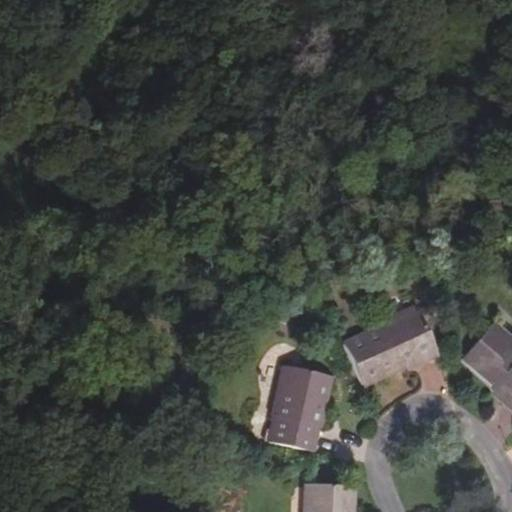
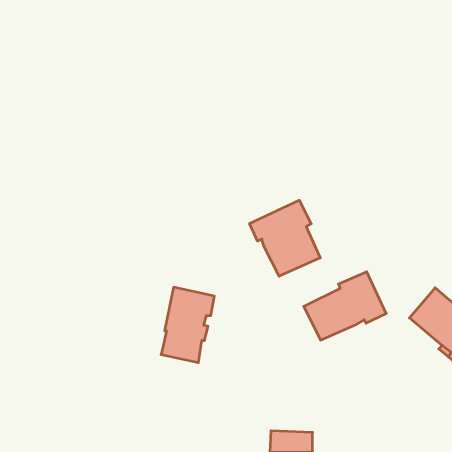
building: none -> [250,200,320,276]
building: [271,367,331,452] -> [161,287,214,363]

